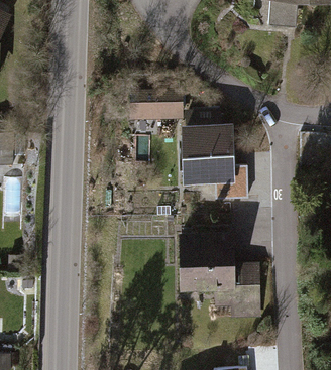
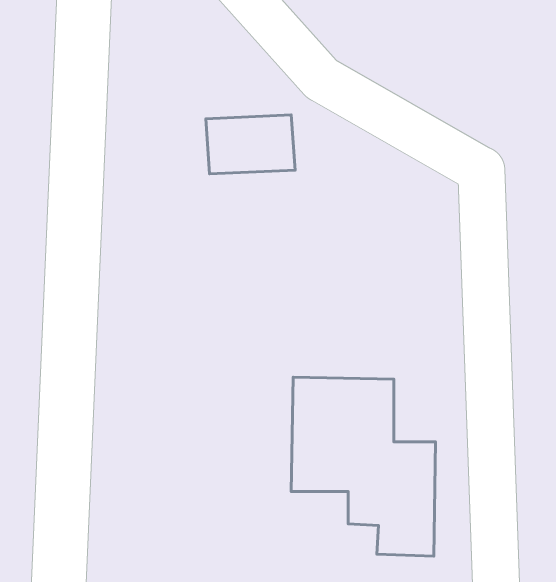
building: [187,118,250,201] -> none

